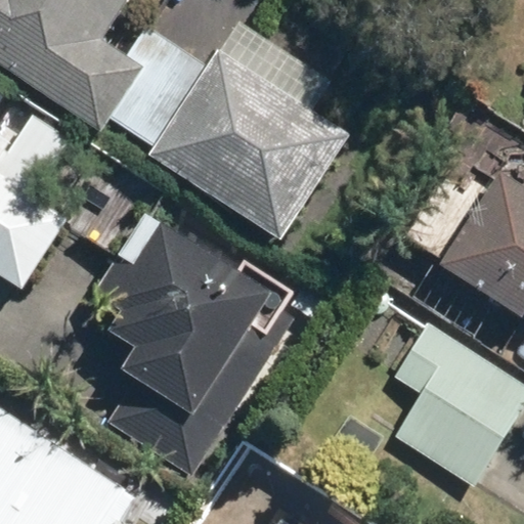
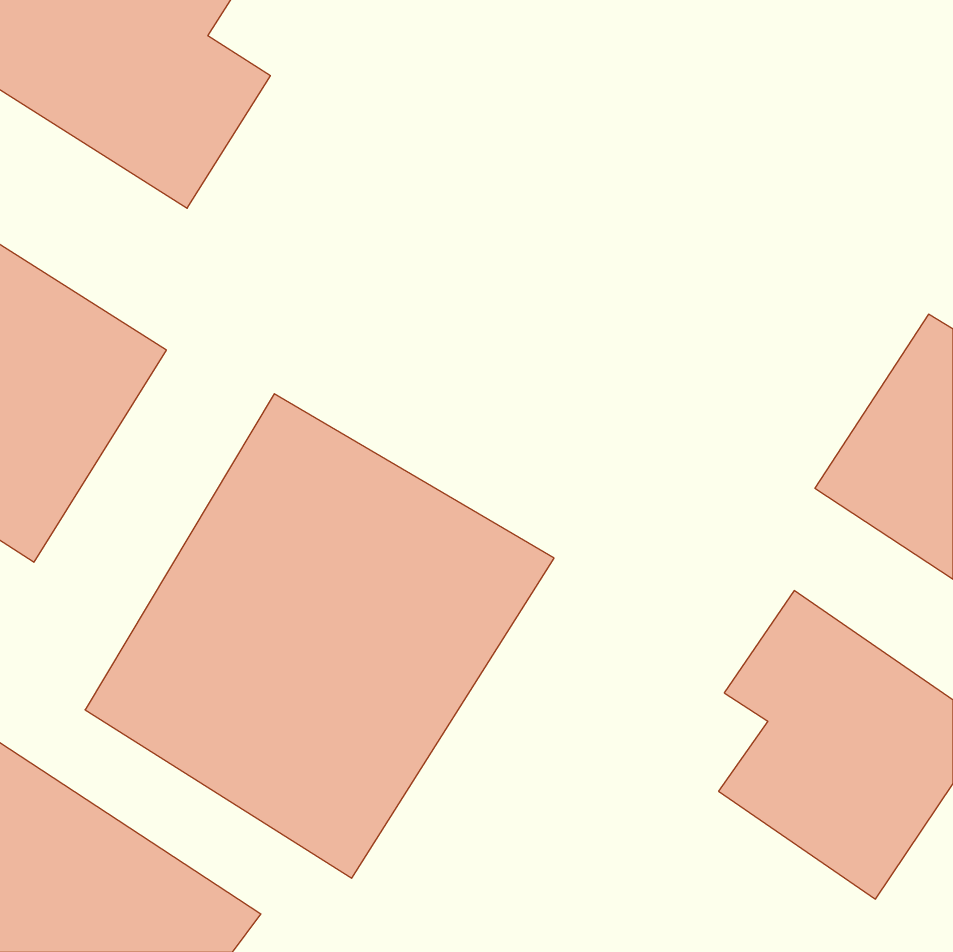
building: [144,57,351,252] -> none

